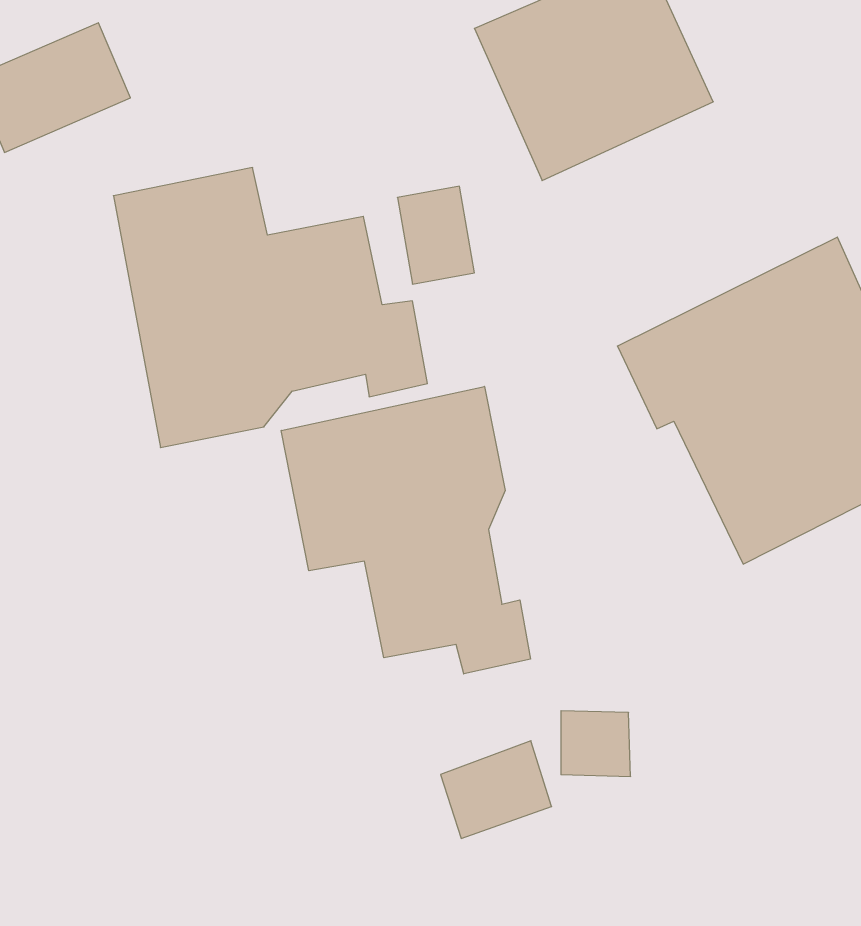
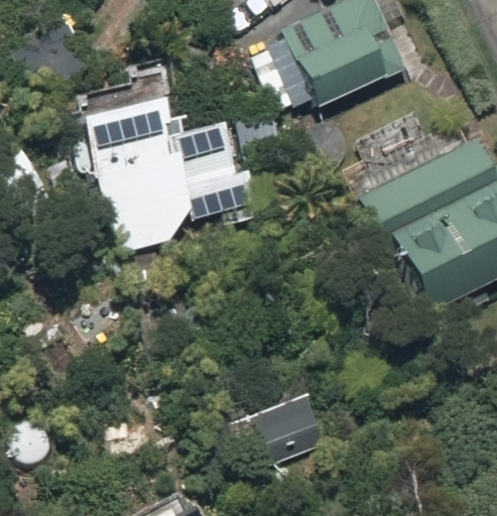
building: [281,386,530,674] -> none

